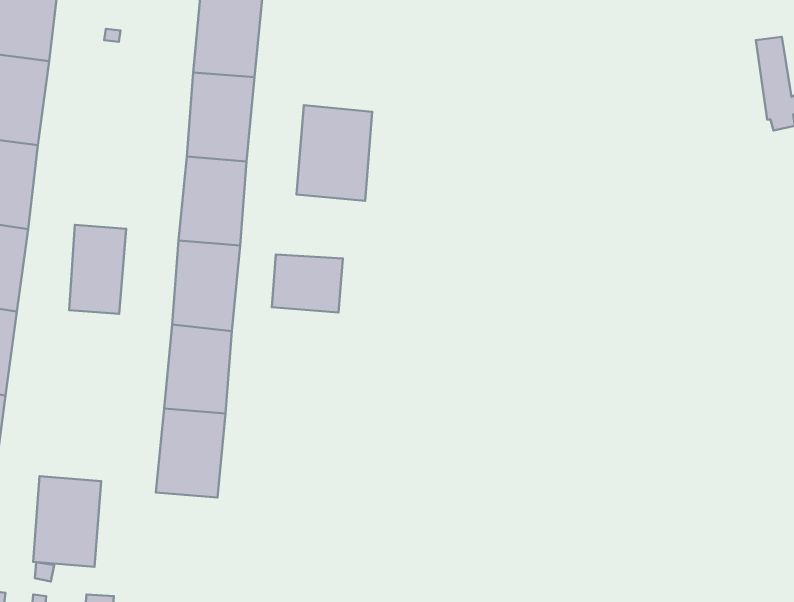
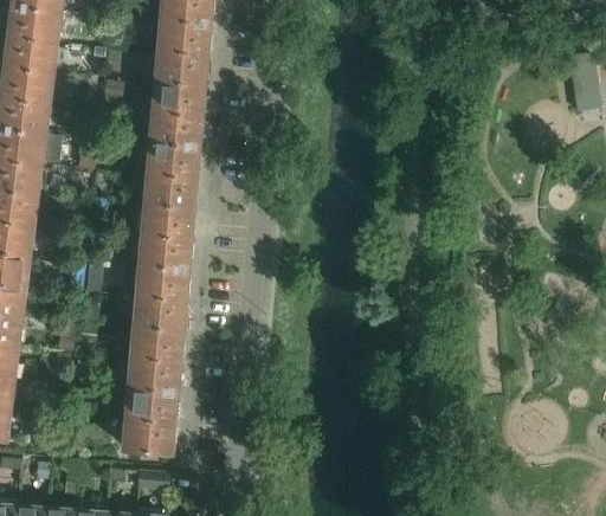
building: [297,105,372,201] -> none
building: [69,225,126,314] -> none
building: [272,255,343,313] -> none
building: [33,476,101,567] -> [125,386,175,452]

